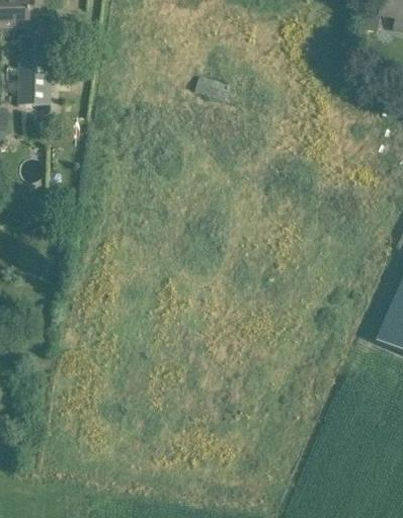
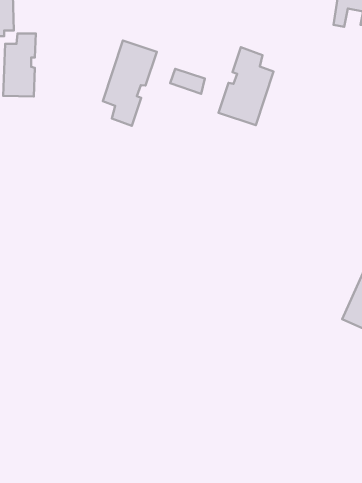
building: none -> [103,40,157,126]
building: none -> [219,47,274,125]

